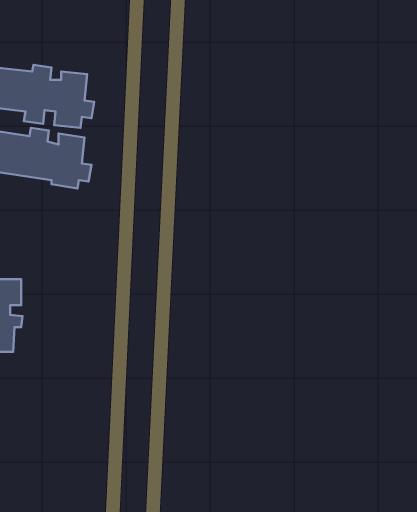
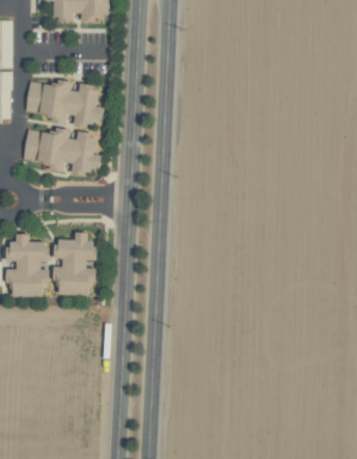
building: none -> [52,233,95,296]

